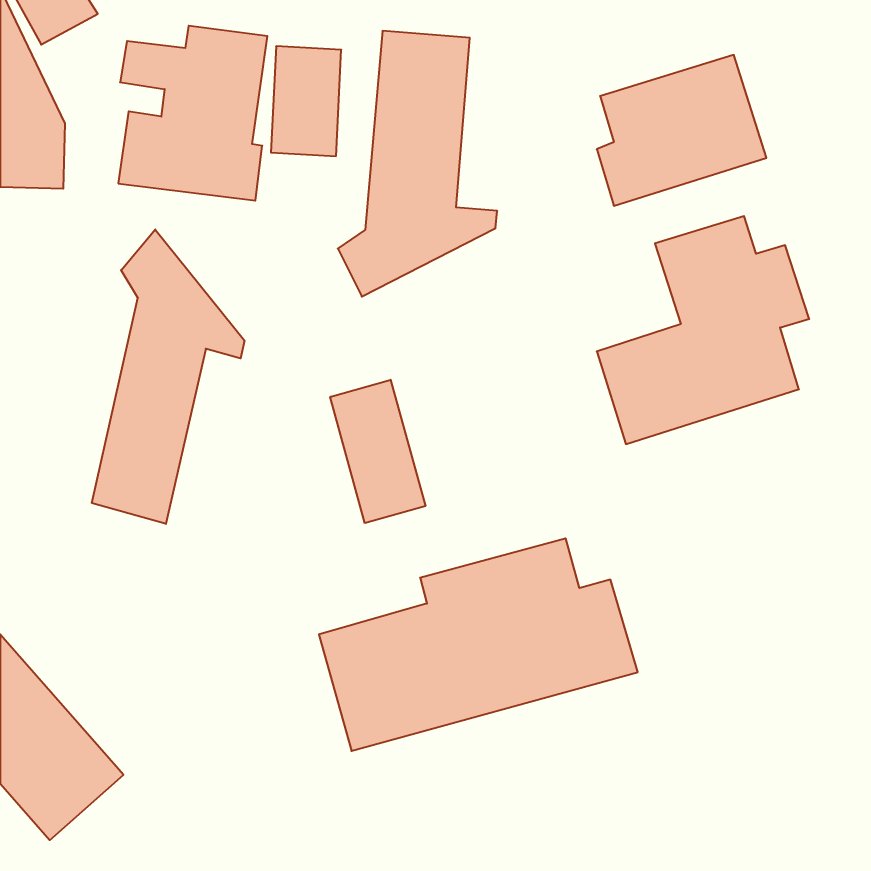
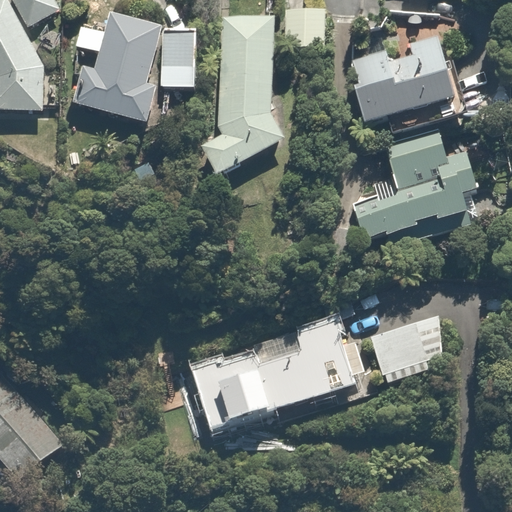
building: [92,229,244,524] -> none
building: [330,380,425,523] -> none
building: none -> [371,313,451,380]

